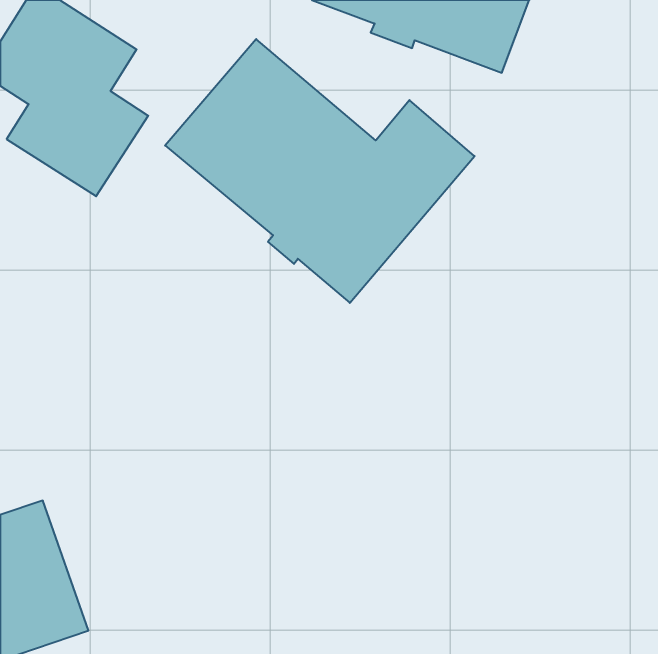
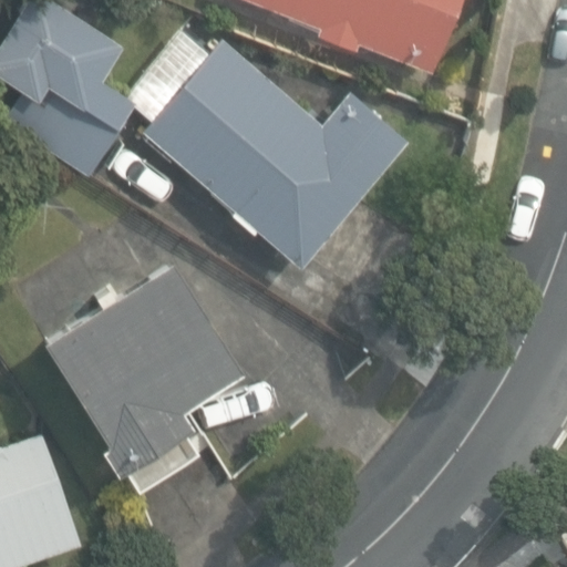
building: none -> [39,259,239,486]

